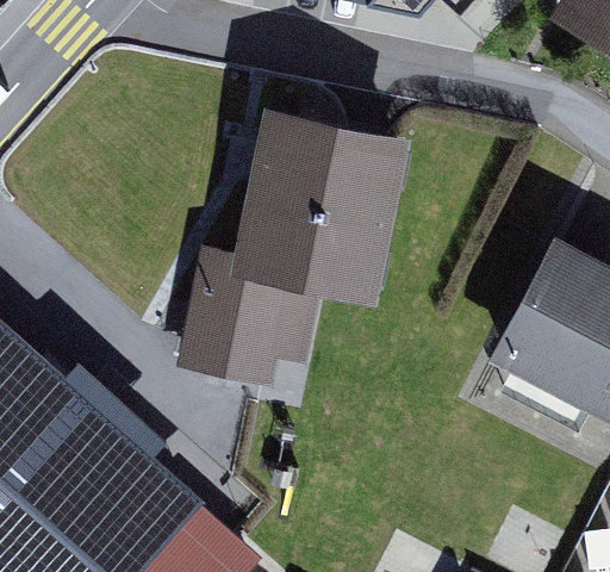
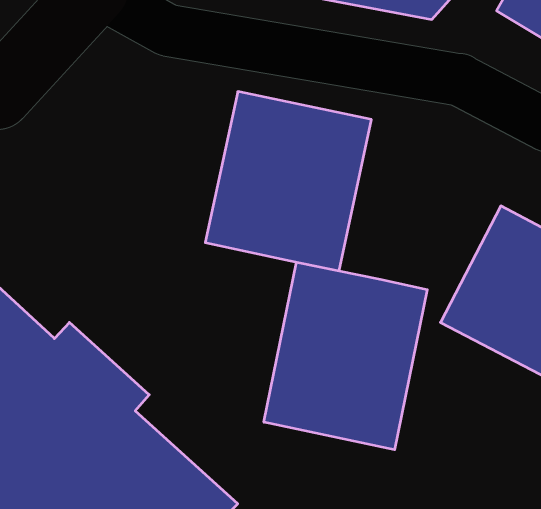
building: [179,266,323,390] -> none
building: none -> [264,262,427,450]

